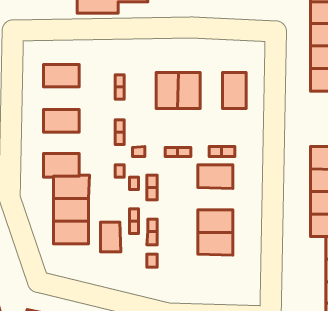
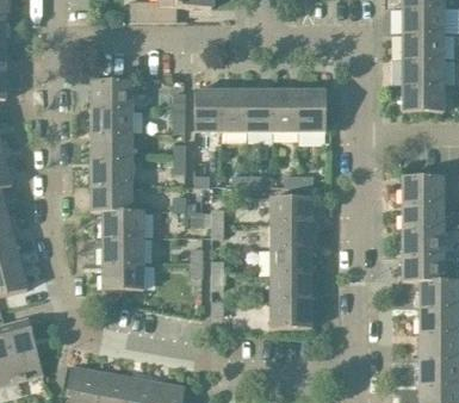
building: none -> [194,91,222,132]
building: none -> [273,91,299,132]
building: none -> [91,107,132,134]
building: none -> [91,160,132,185]
building: none -> [271,224,311,250]
building: [101,222,121,252] -> none
building: none -> [271,302,311,329]

